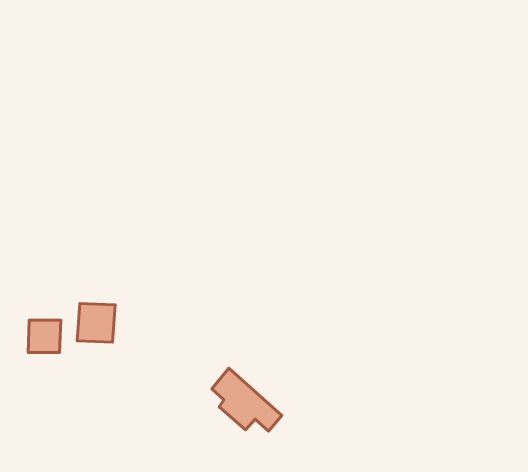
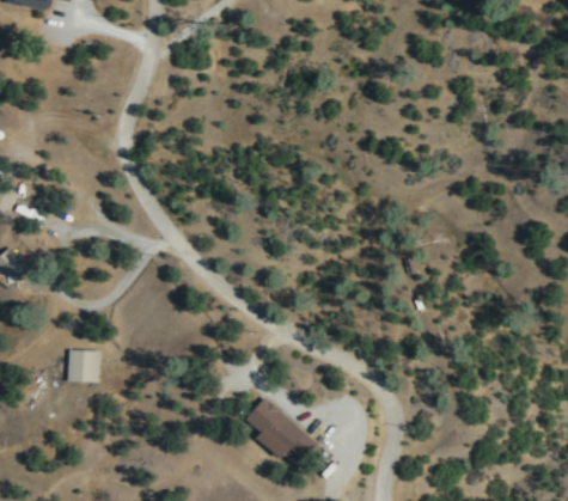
building: [77,303,115,342] -> none

